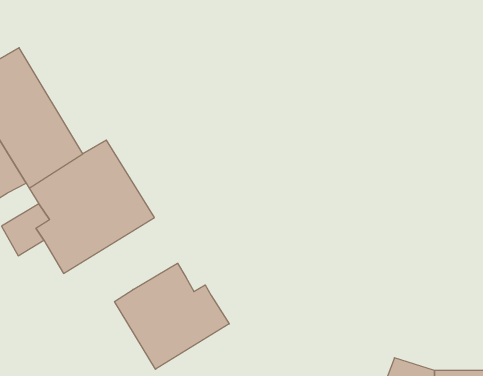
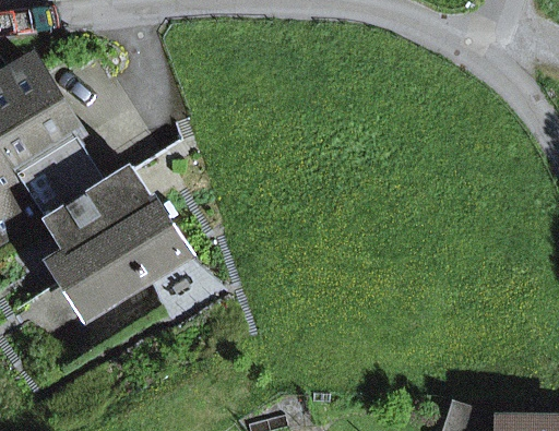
building: [115,263,229,369] -> none

